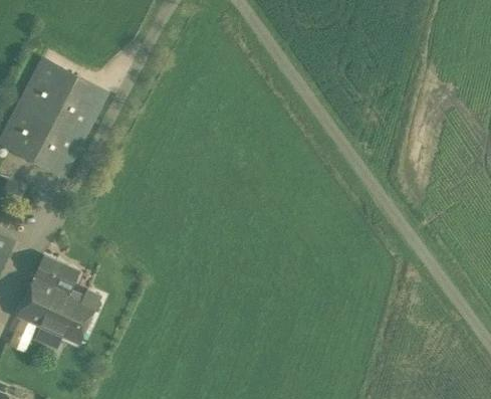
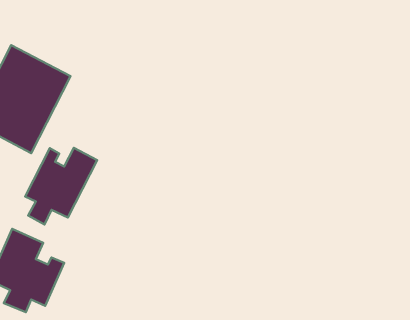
building: none -> [25,148,97,225]

